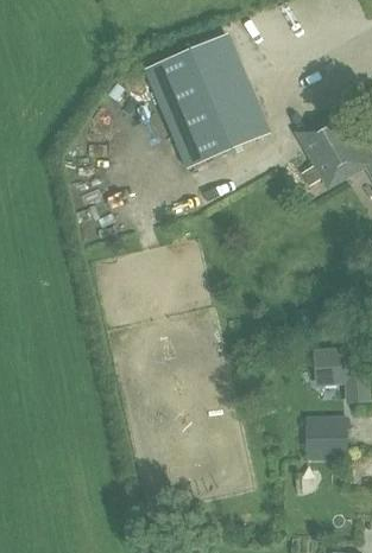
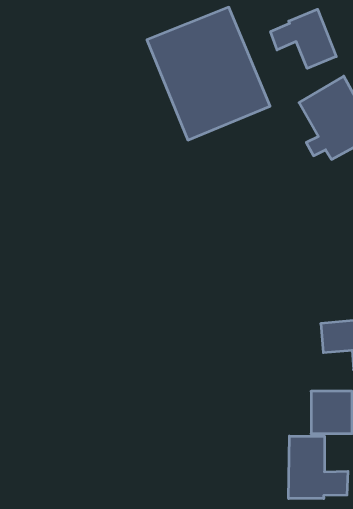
building: none -> [271,9,336,68]
building: none -> [289,436,348,499]

